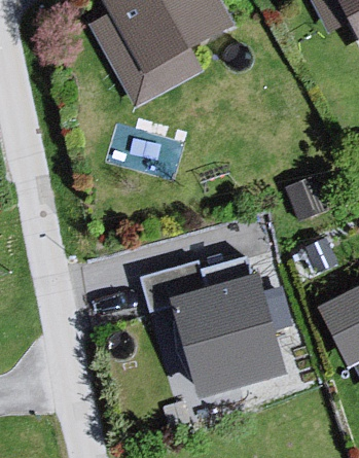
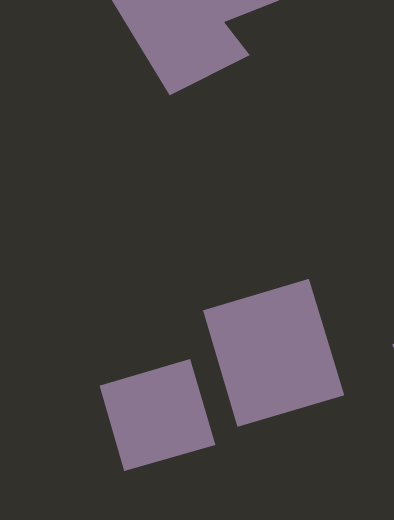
building: none -> [99,358,216,472]

